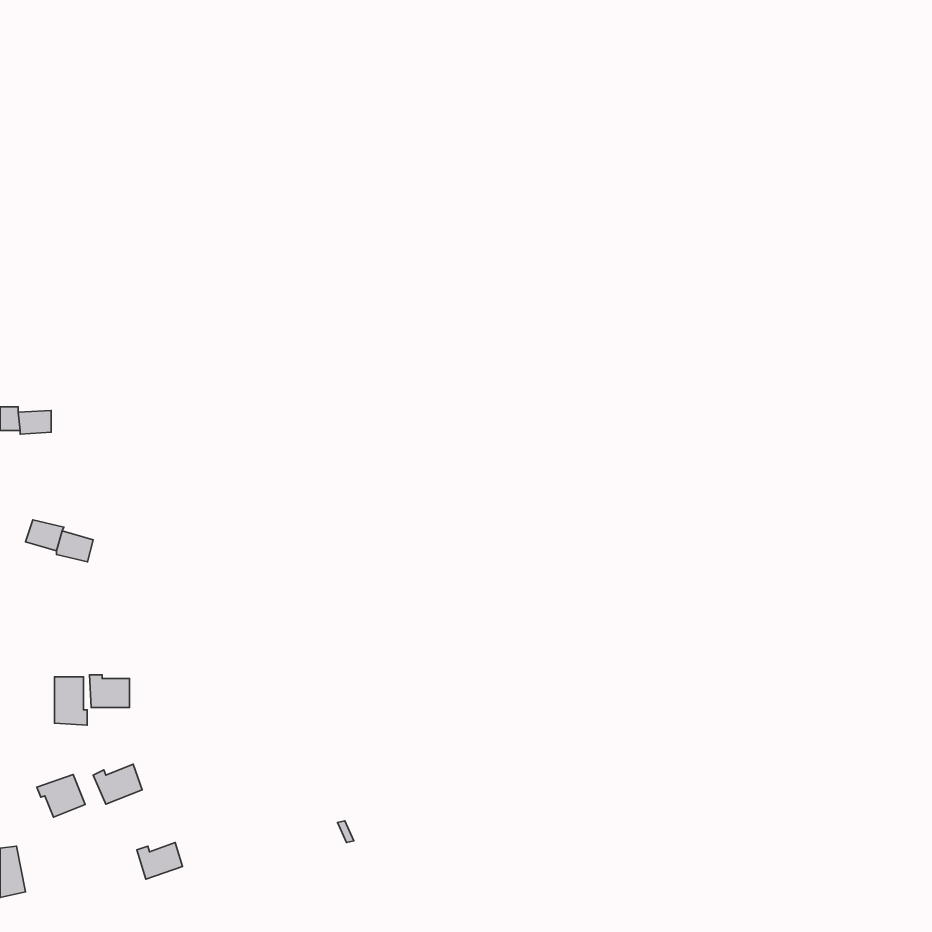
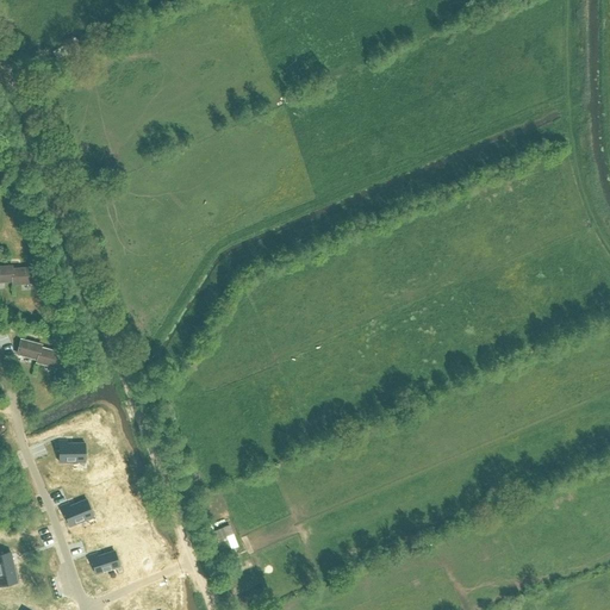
building: [55,677,87,725] -> none
building: [37,774,85,817] -> none

